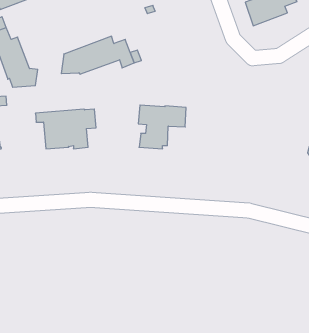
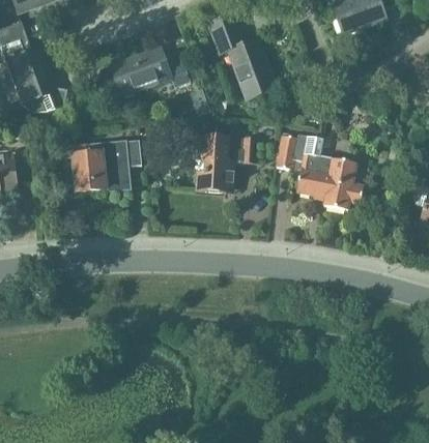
building: none -> [207,13,276,99]
building: none -> [274,130,362,209]

